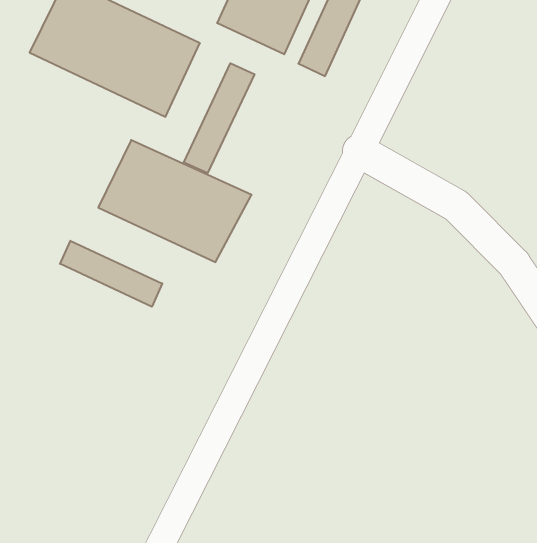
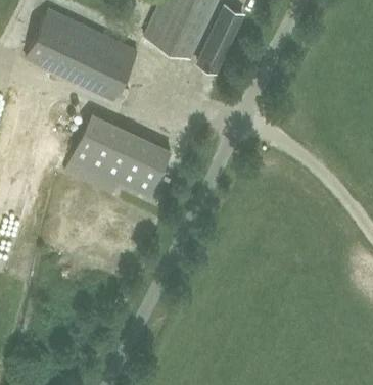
building: [184,63,254,173] -> none
building: [60,241,162,307] -> none

